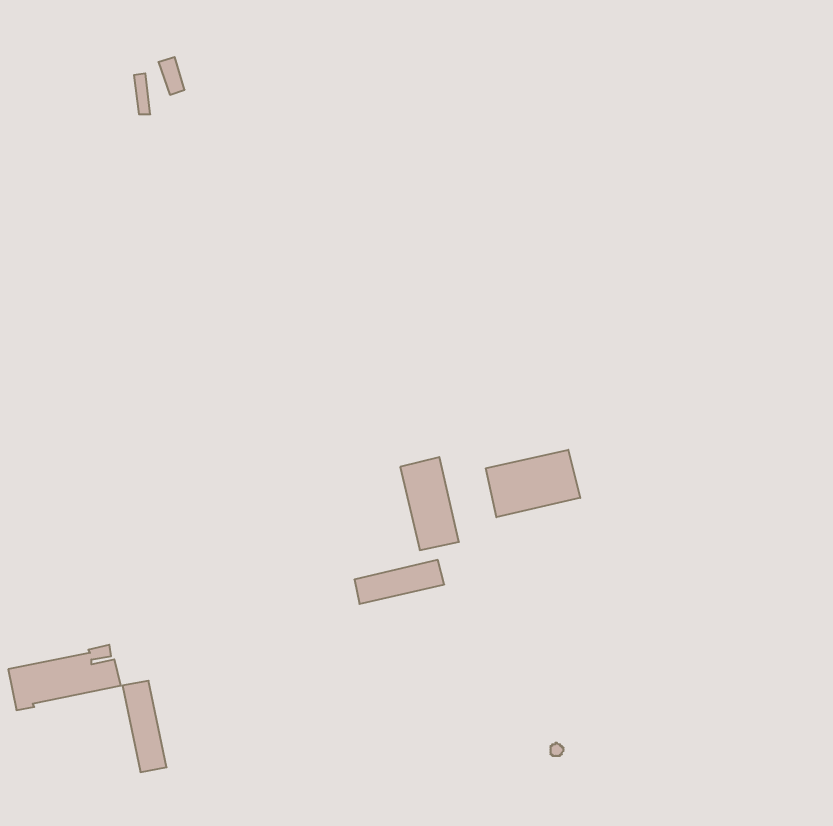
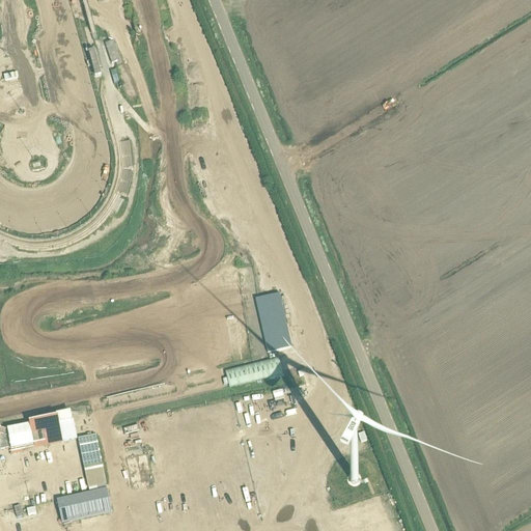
building: [486,450,580,517] -> none
building: none -> [56,487,110,520]

